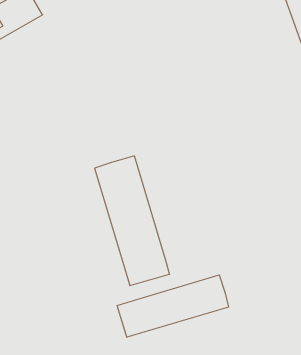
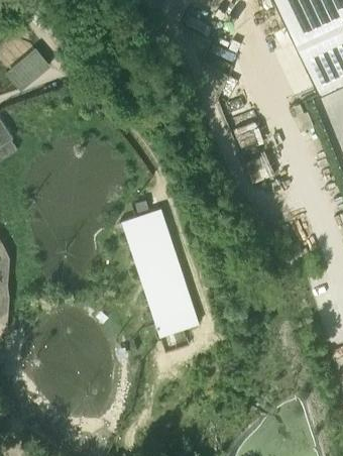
building: [117,275,228,337] -> none

